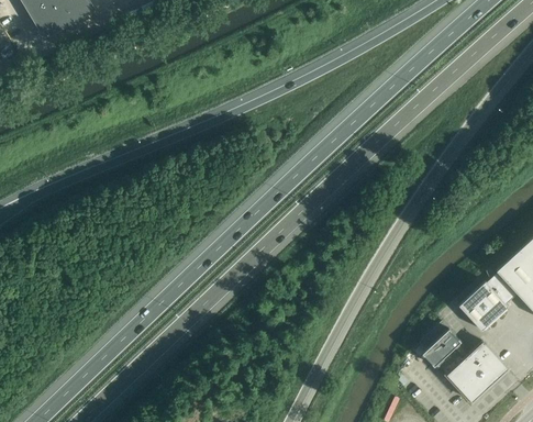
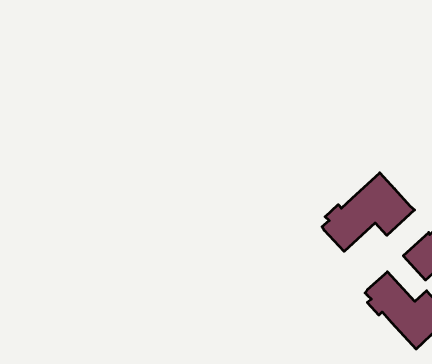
building: none -> [322,173,415,251]

